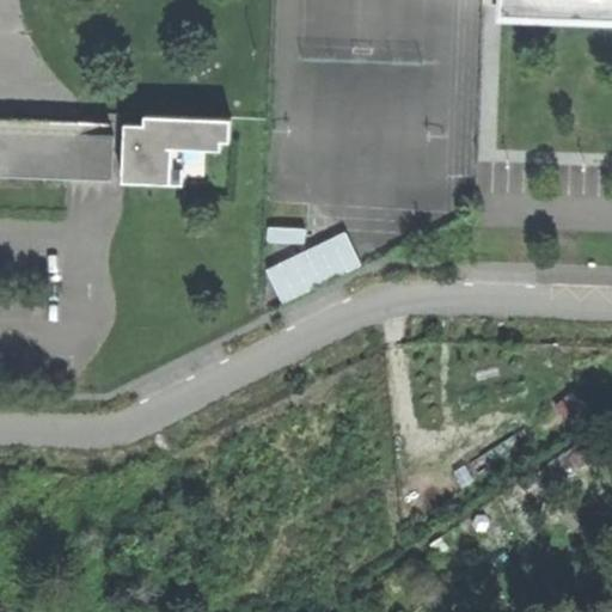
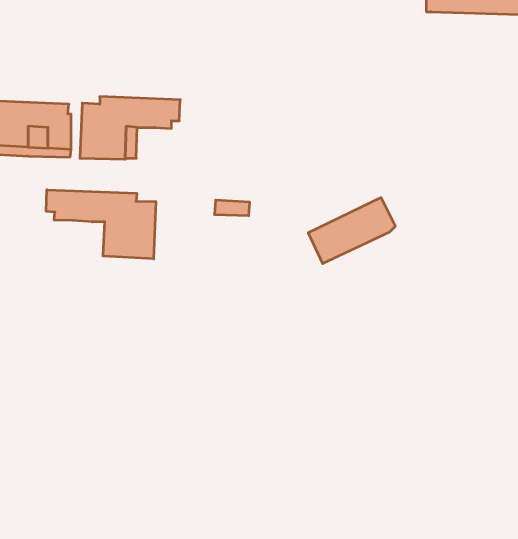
building: none -> [46,190,156,259]
building: [265,232,360,304] -> [308,198,395,264]

